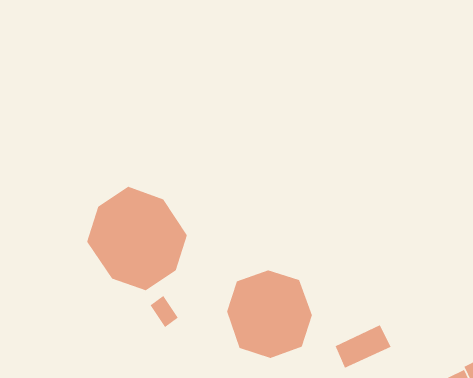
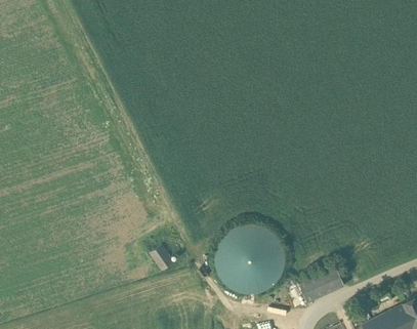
building: [86,186,188,291] -> none

